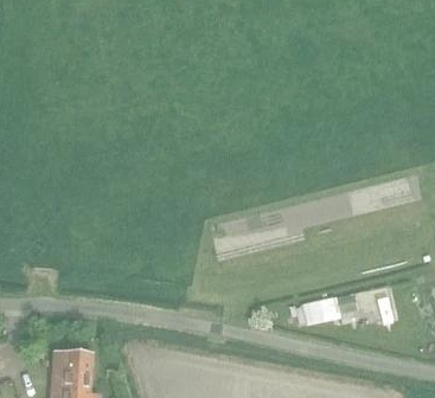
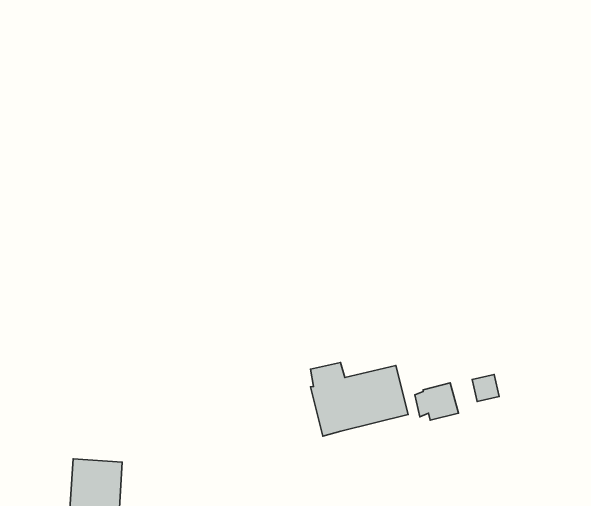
building: none -> [310,362,408,436]

